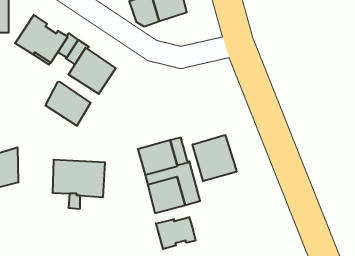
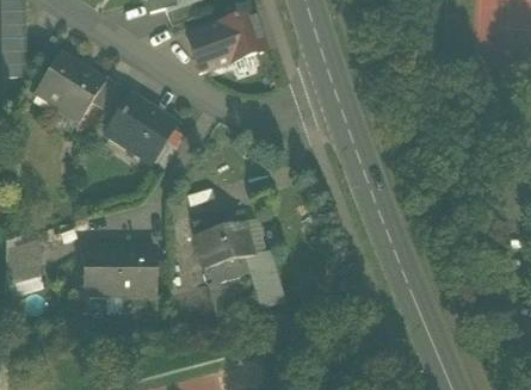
building: [45,82,91,126] -> none
building: [193,135,236,181] -> none
building: [156,217,196,249] -> none

